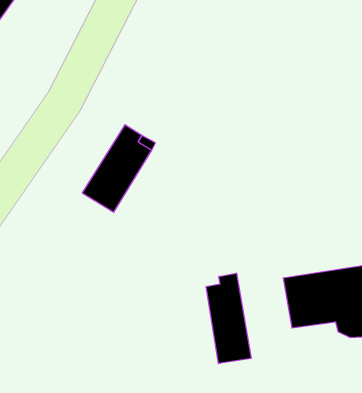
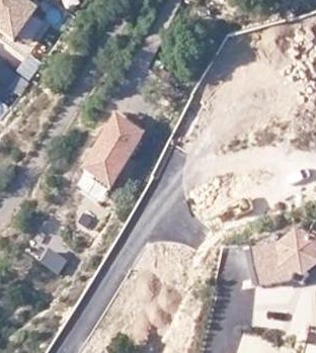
building: [206,273,251,364] -> none

